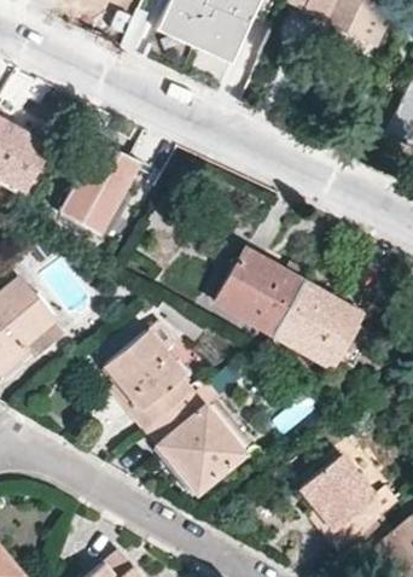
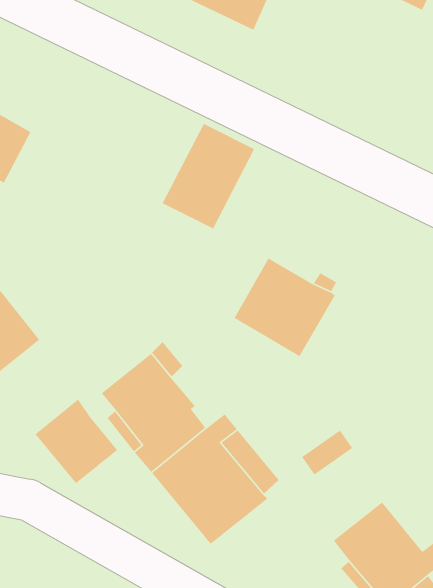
building: [63,144,141,233] -> [162,123,255,230]
building: [273,282,372,367] -> none
building: none -> [35,399,118,484]

